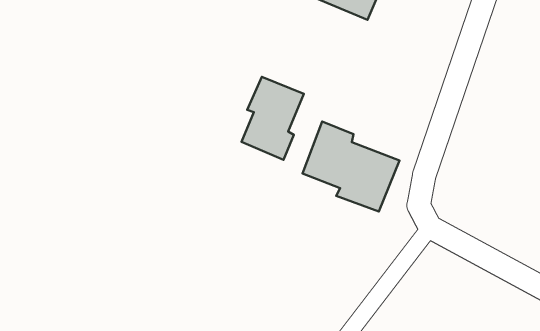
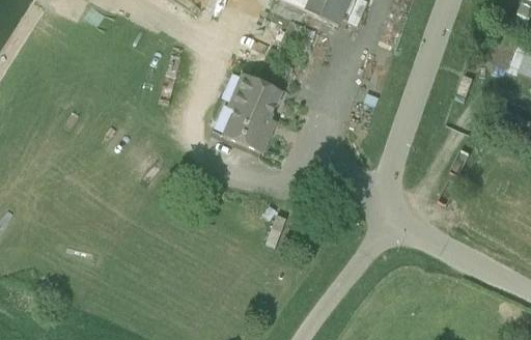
building: [302,121,400,212] -> none

